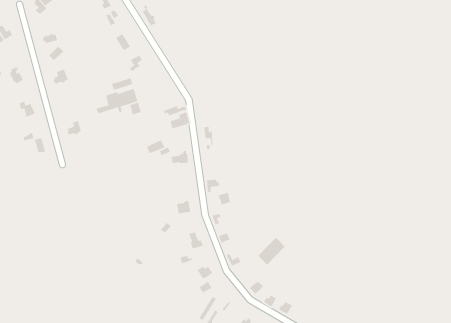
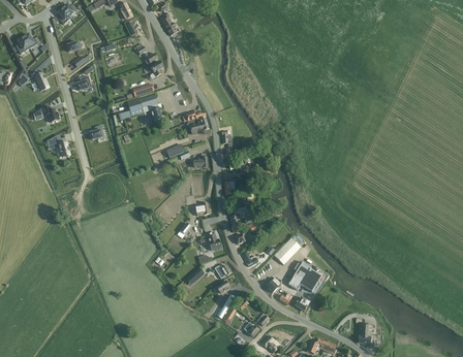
building: none -> [287,262,320,292]

